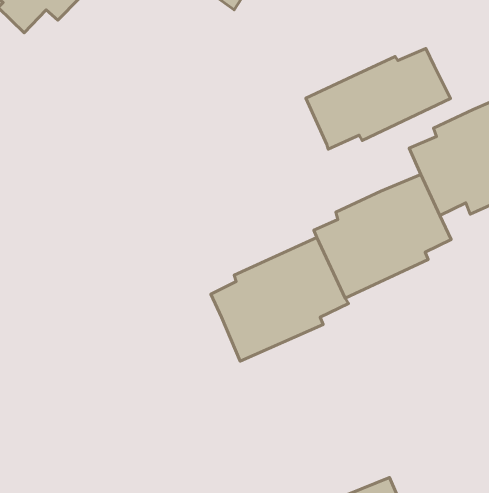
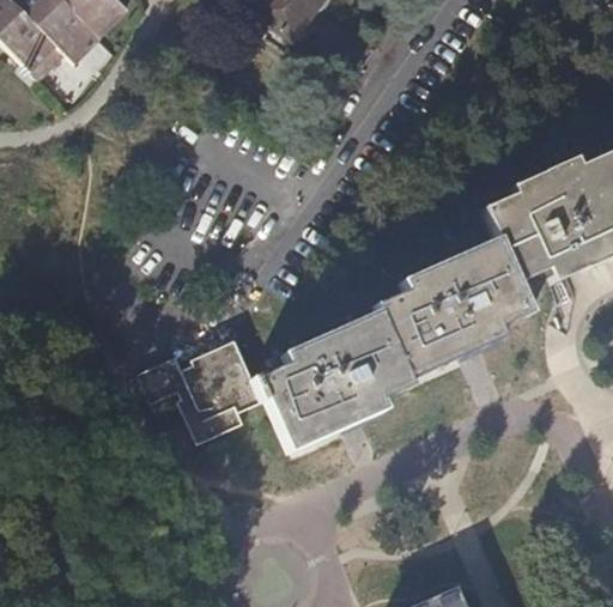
building: [306,48,451,149] -> none
building: none -> [132,339,268,444]

